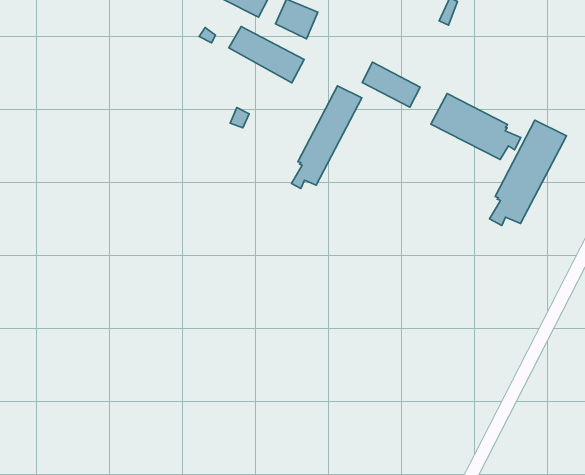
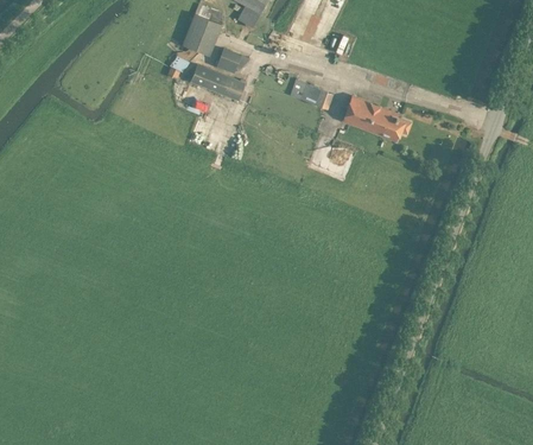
building: [291,86,362,189] -> none
building: [490,120,566,226] -> none

